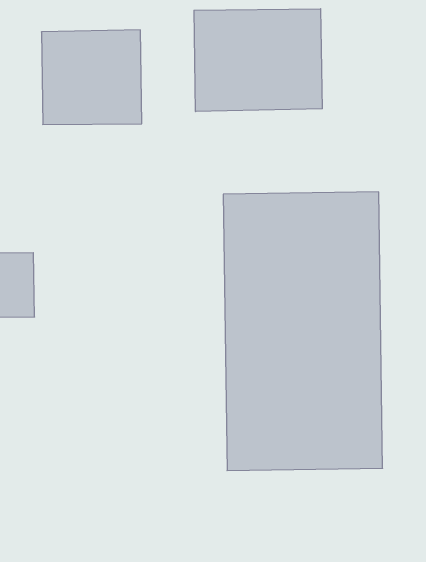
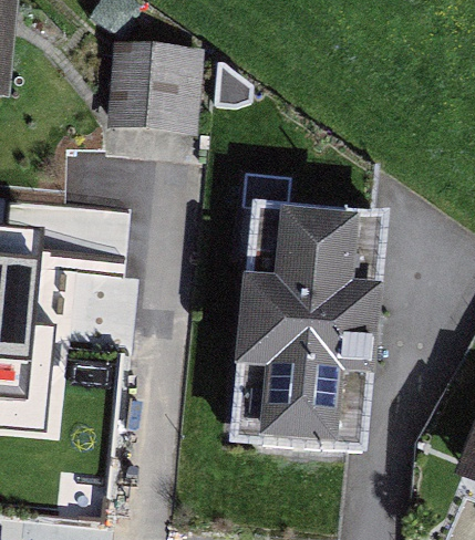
building: [194,9,322,112] -> none

